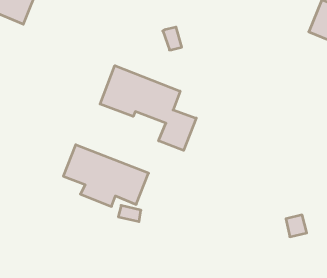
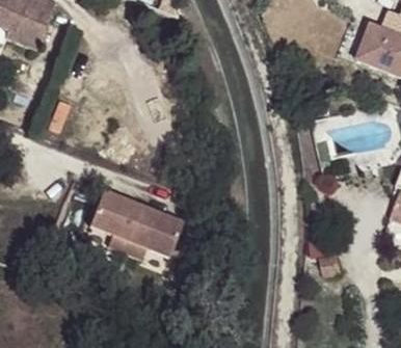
building: [100,66,196,150] -> none

